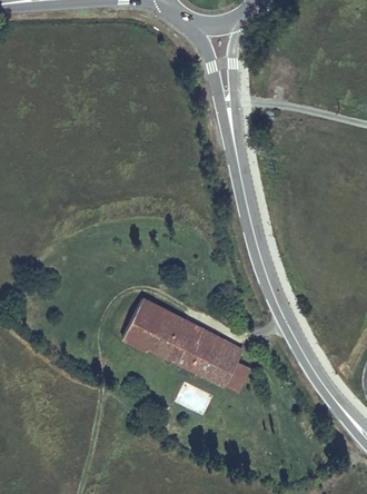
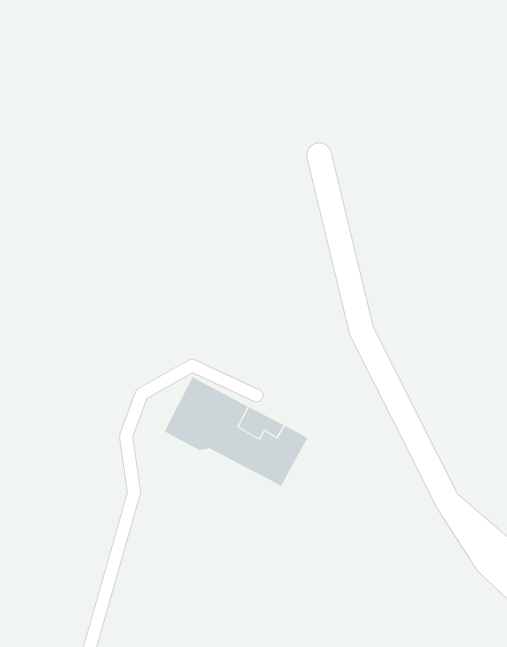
building: [204,339,248,391] -> none

